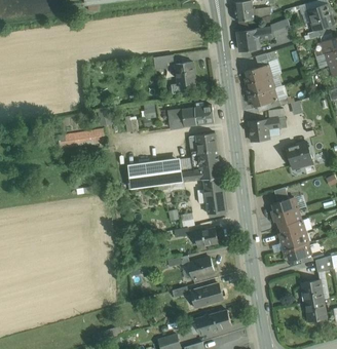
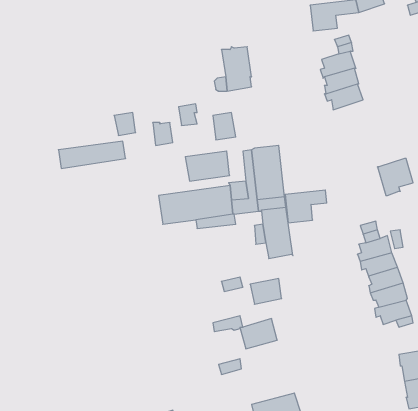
building: [181,105,213,126] -> [185,151,230,181]
building: [249,118,278,142] -> [285,190,327,223]
building: [190,283,223,306] -> none

